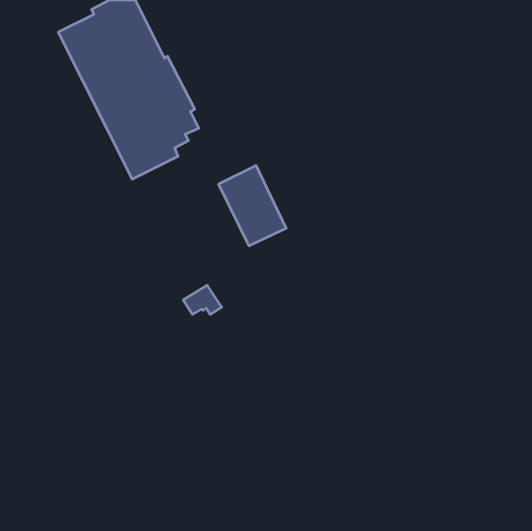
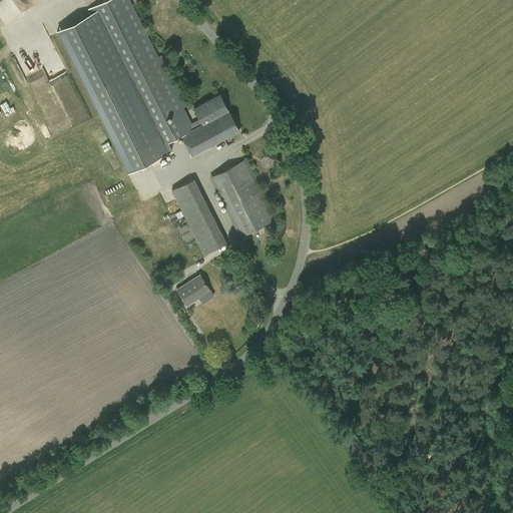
building: none -> [178,95,238,157]
building: none -> [171,178,226,255]

